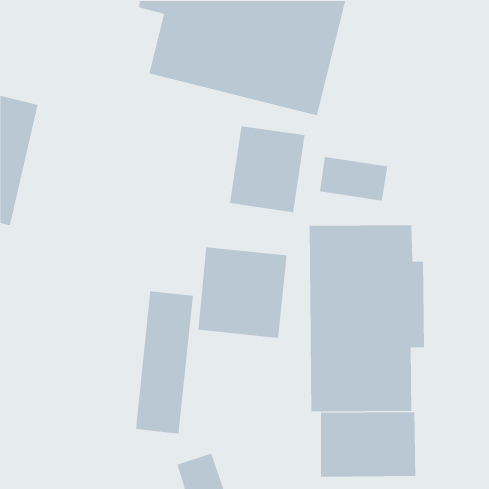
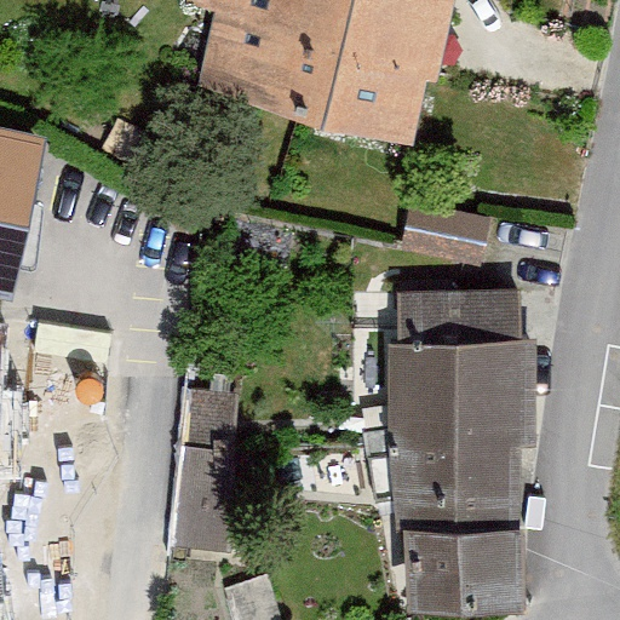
building: [229,126,306,213] -> none
building: [197,246,288,339] -> none

